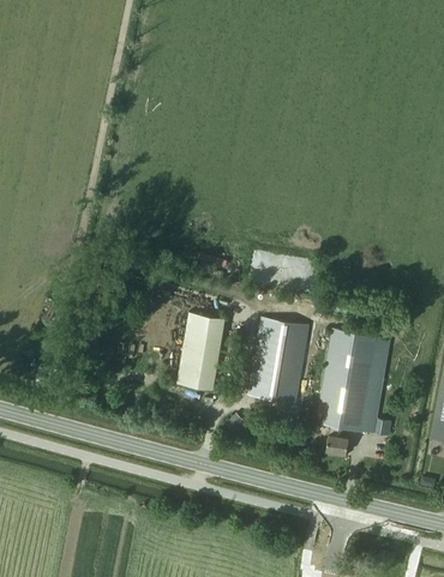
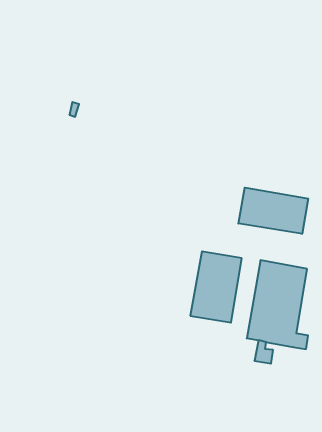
building: none -> [238,188,308,234]
building: [176,313,223,391] -> none

